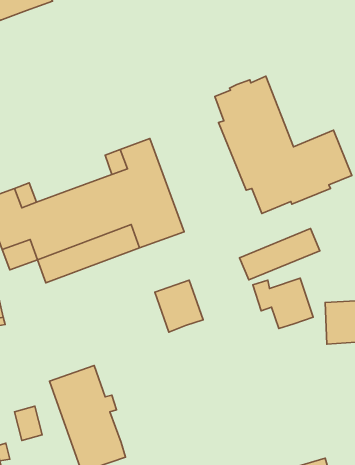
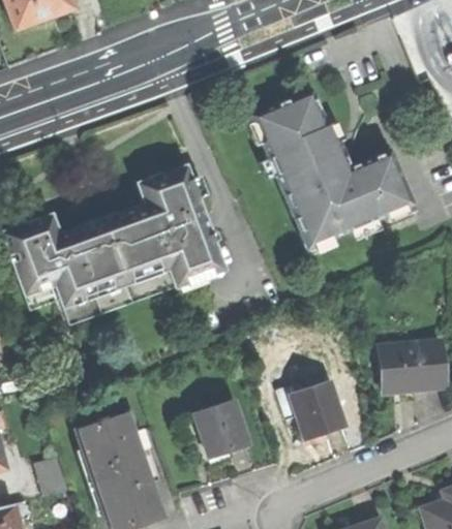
building: [240,229,320,280] -> none
building: [253,278,313,328] -> [278,382,345,438]
building: [155,280,203,332] -> [195,400,249,458]

